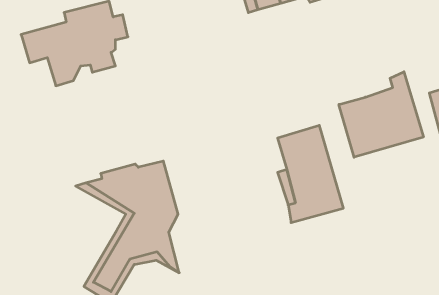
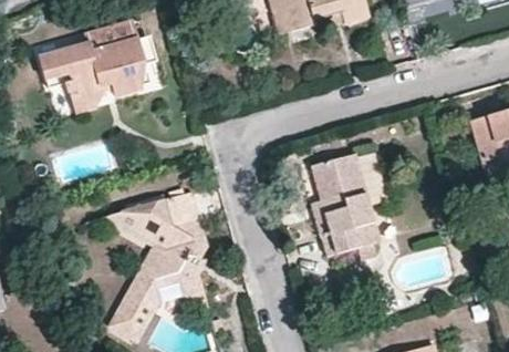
building: [339,72,423,157] -> none

